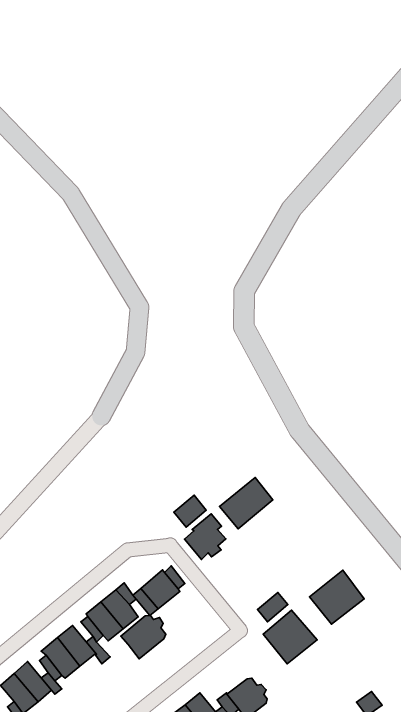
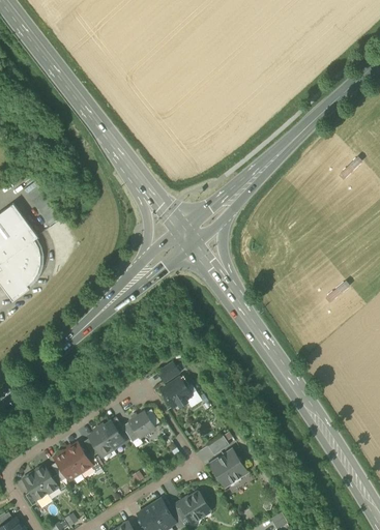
building: [220,478,273,529] -> none
building: [310,570,364,624] -> none
building: [121,615,166,659] -> none

